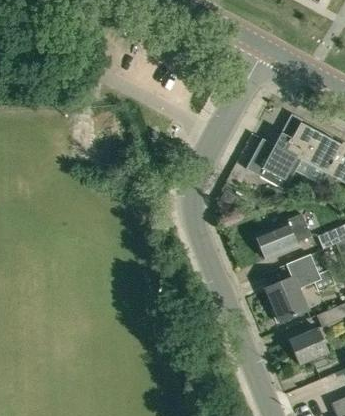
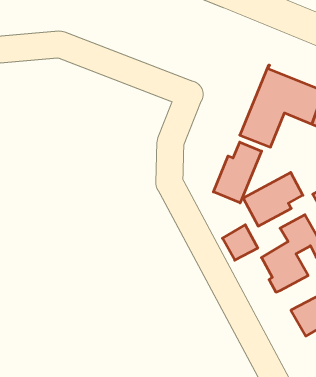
building: none -> [213,142,262,203]
building: none -> [222,225,258,260]

